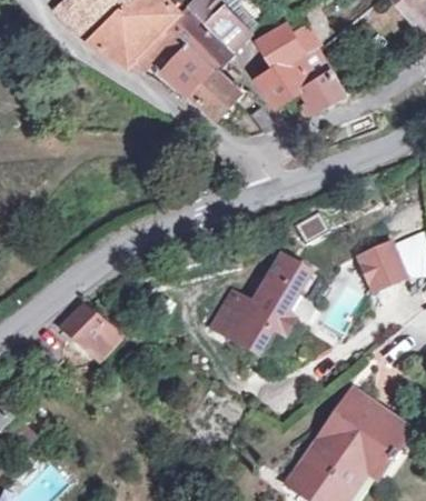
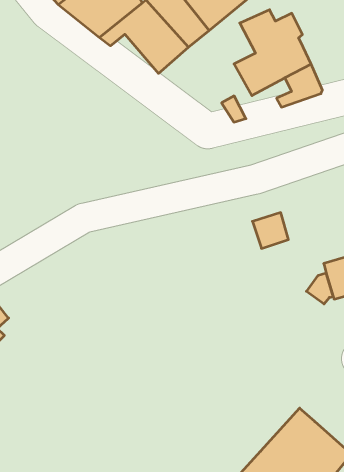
building: [185,67,236,119] -> none
building: [215,248,324,345] -> none
building: [66,304,128,359] -> none

